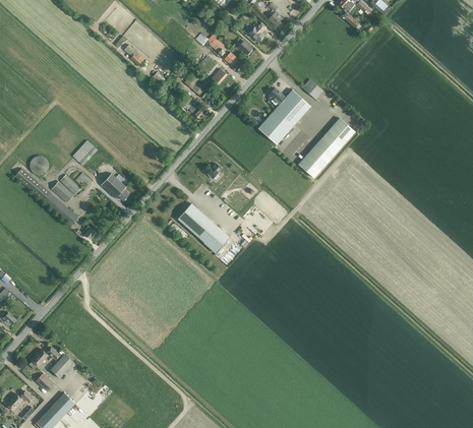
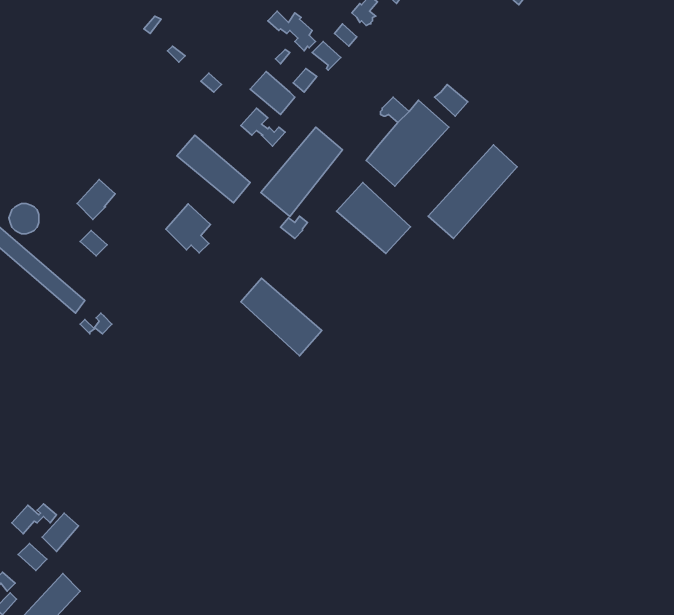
building: none -> [261,127,343,217]
building: none -> [177,135,250,203]
building: none -> [337,183,410,253]
building: [101,169,129,200] -> [166,204,210,253]
building: [51,175,79,203] -> none

